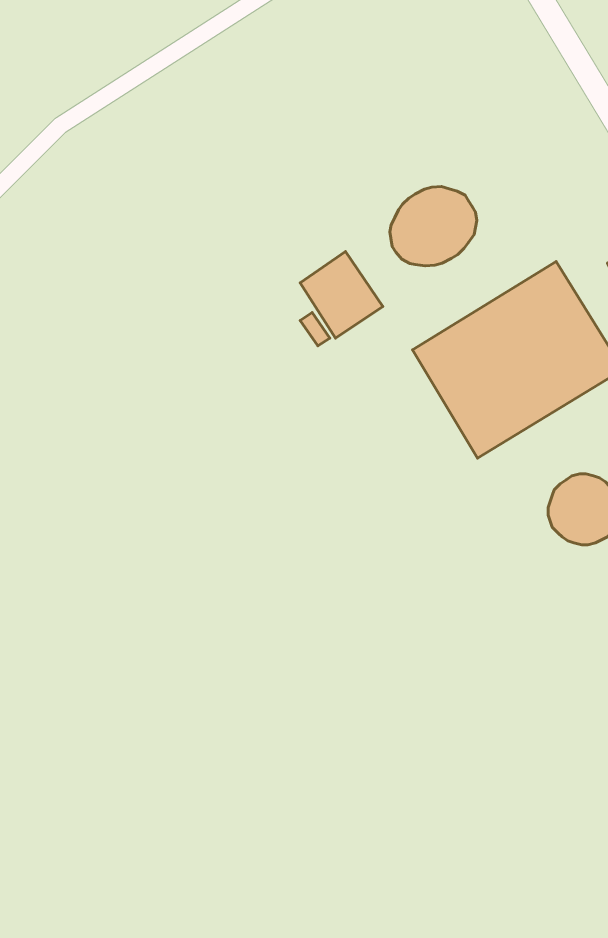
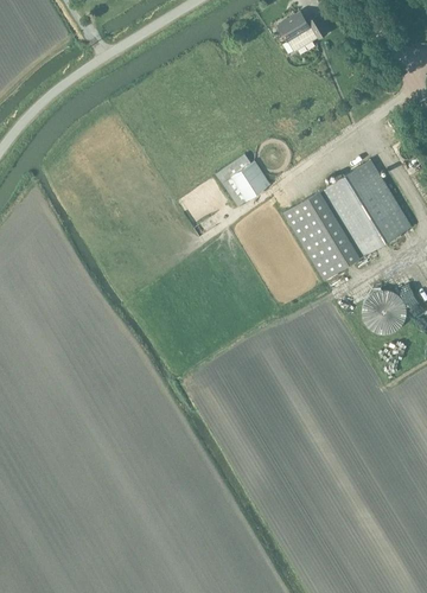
building: none -> [278,11,326,50]
building: [390,187,477,266] -> none

